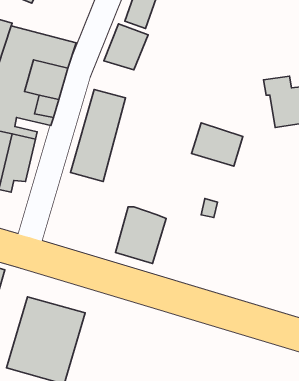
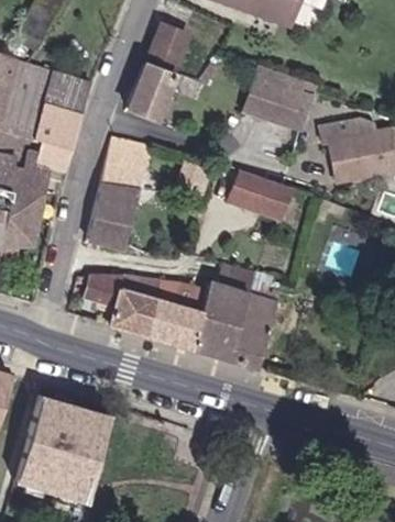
building: none -> [237,62,310,127]
building: none -> [85,281,158,338]
building: none -> [188,281,277,371]

